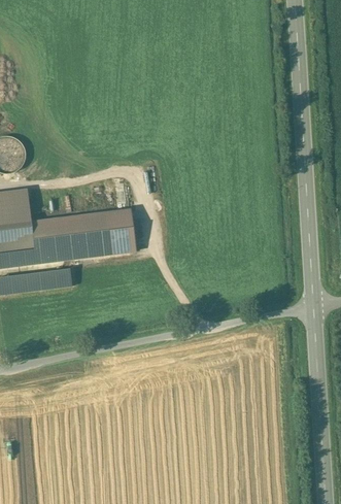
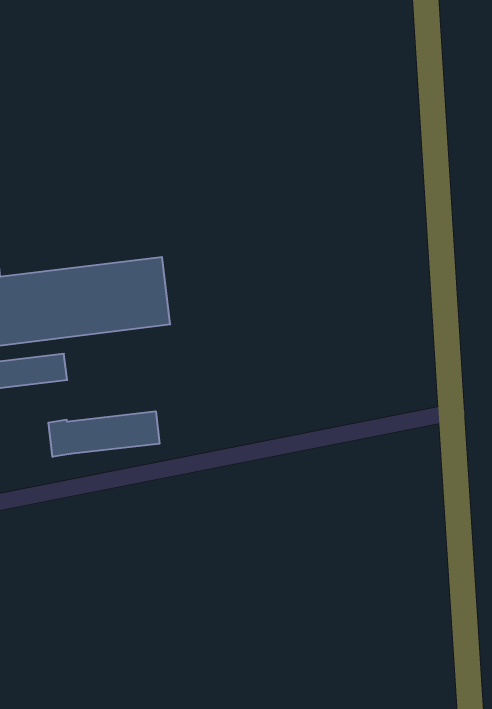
building: none -> [48,411,160,457]

